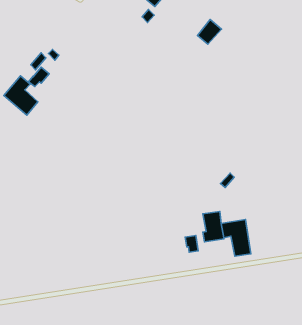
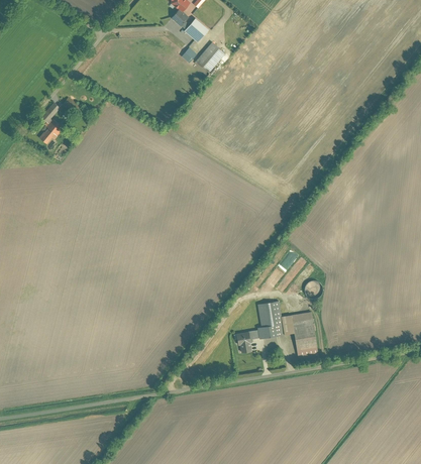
building: [197,19,221,44] -> [195,41,225,73]
building: [4,76,38,115] -> none

